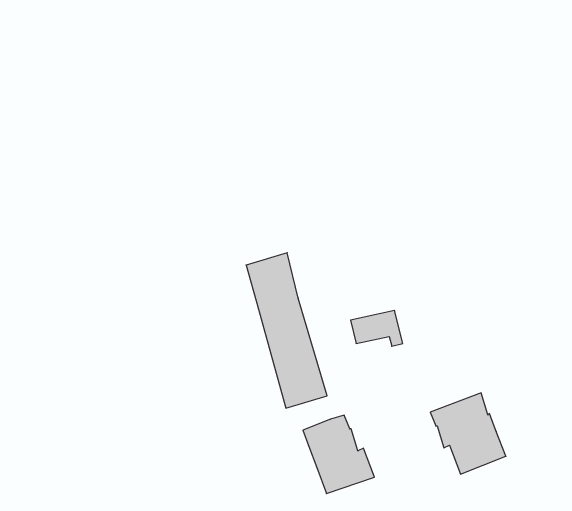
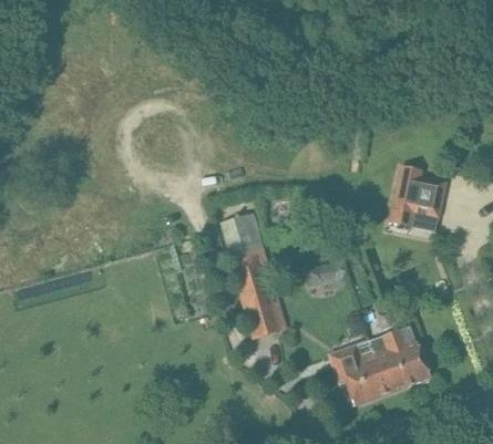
building: none -> [390,167,445,226]
building: [303,415,374,494] -> [336,341,393,404]

